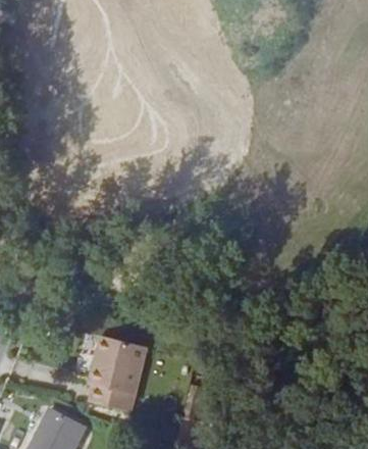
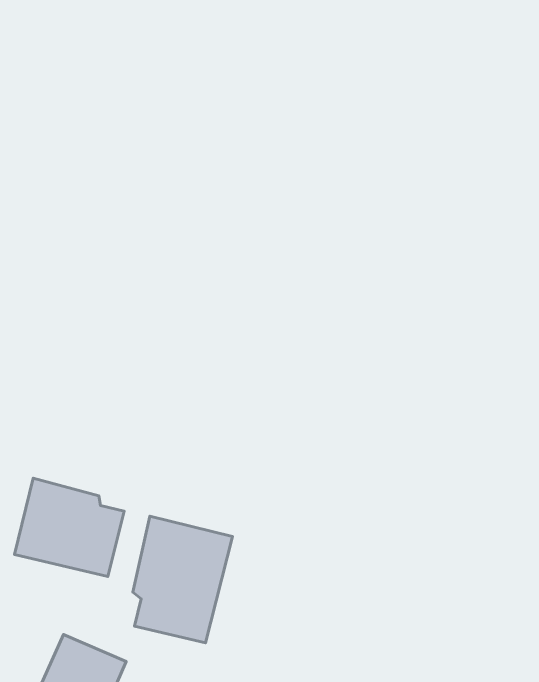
building: none -> [14,478,124,576]

